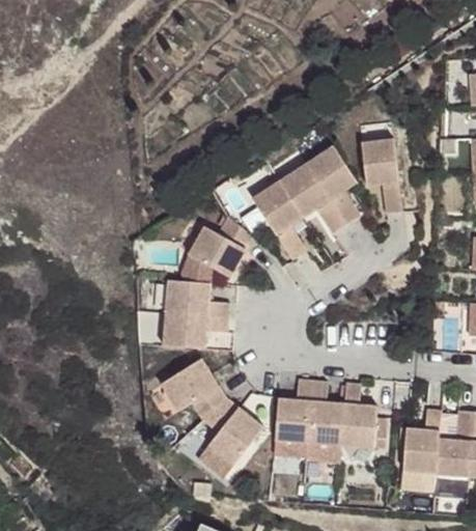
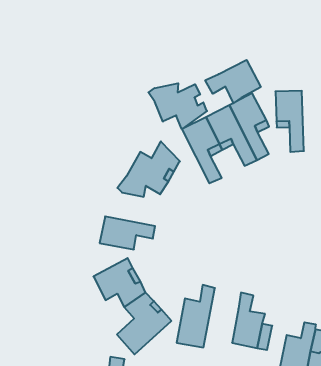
building: none -> [205,60,261,103]
building: none -> [148,83,207,129]
building: [170,277,233,314] -> none
building: [307,382,344,459] -> none

